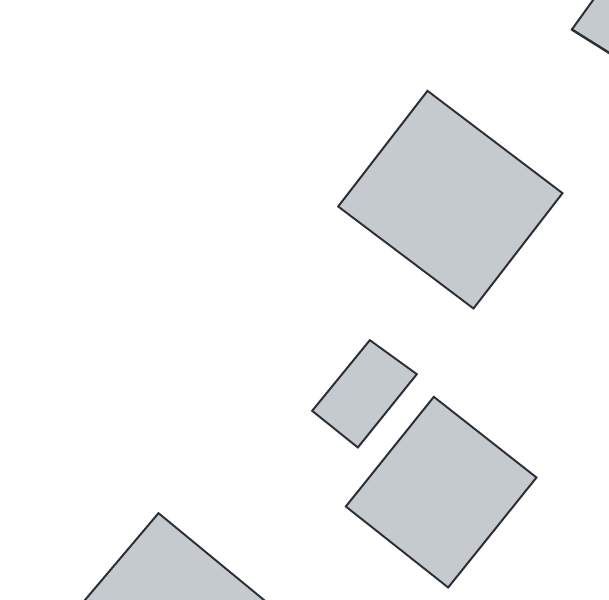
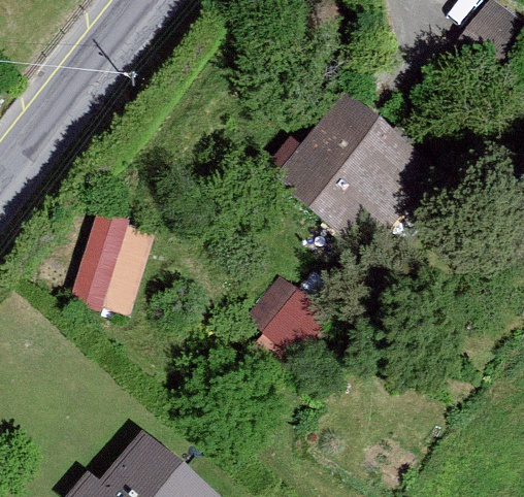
building: none -> [71,202,152,316]
building: [346,397,536,587] -> none

